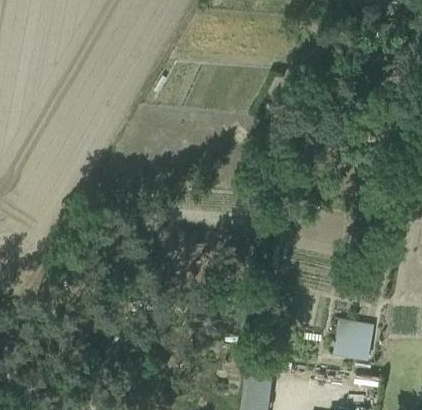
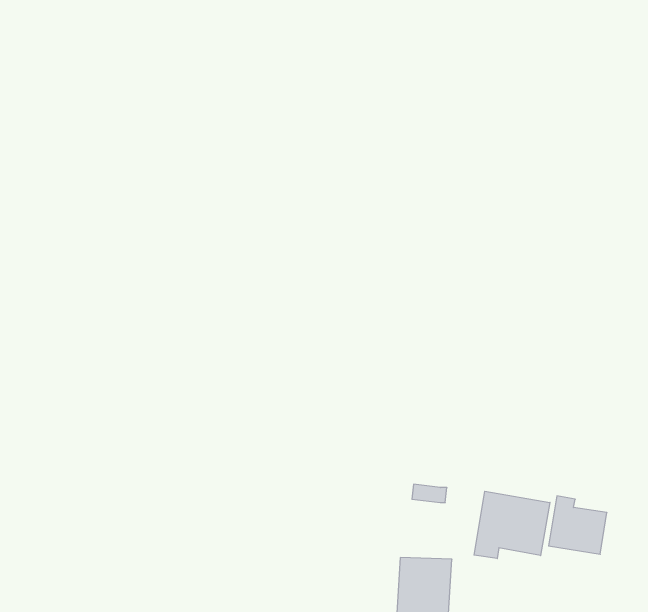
building: none -> [474,491,550,559]

